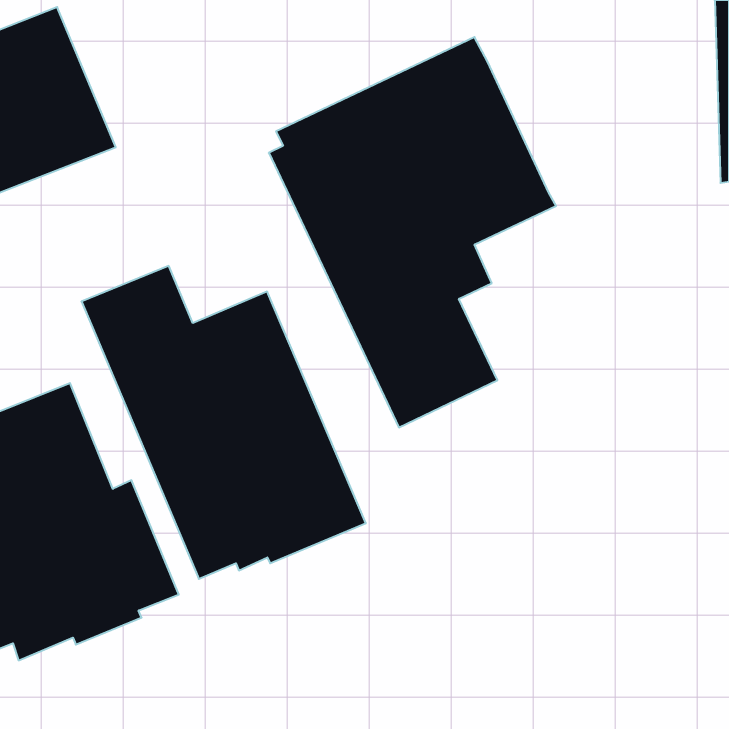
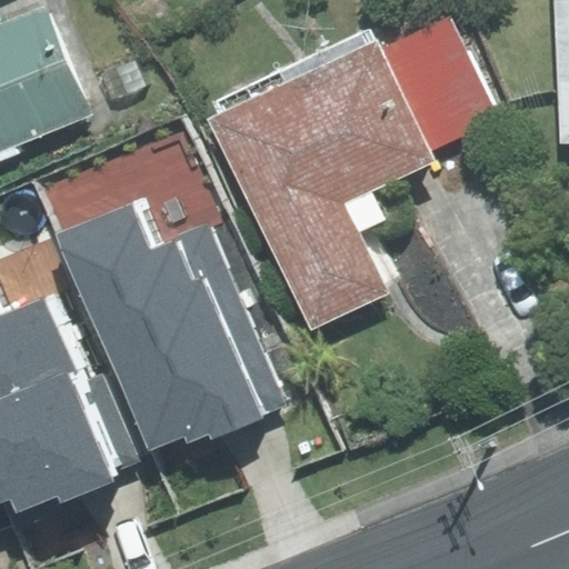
building: none -> [379,16,498,151]

